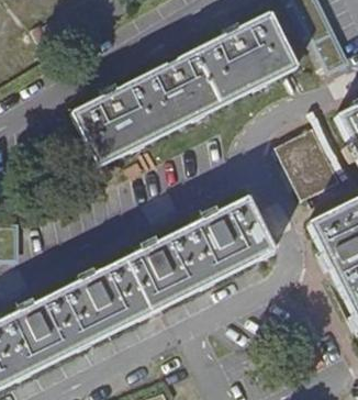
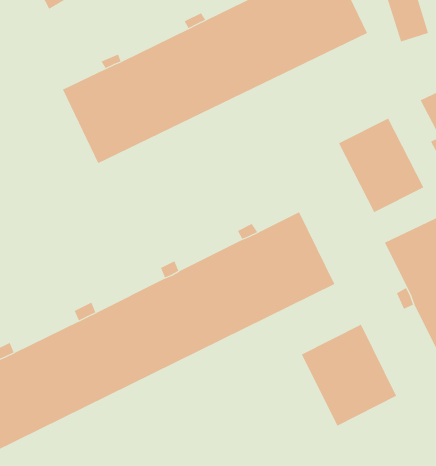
building: none -> [301,324,397,427]

